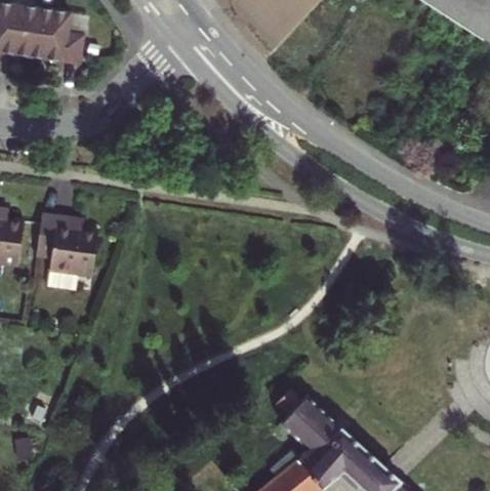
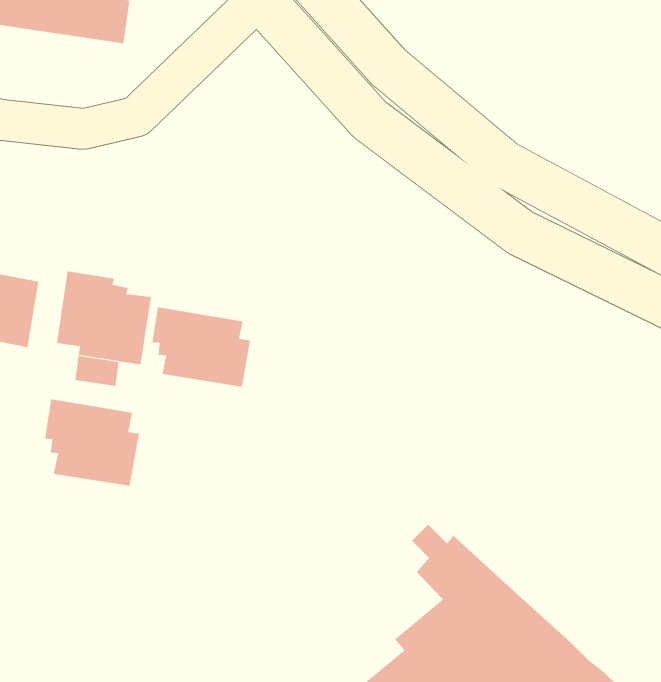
building: none -> [152,307,251,387]
building: none -> [45,399,139,487]

